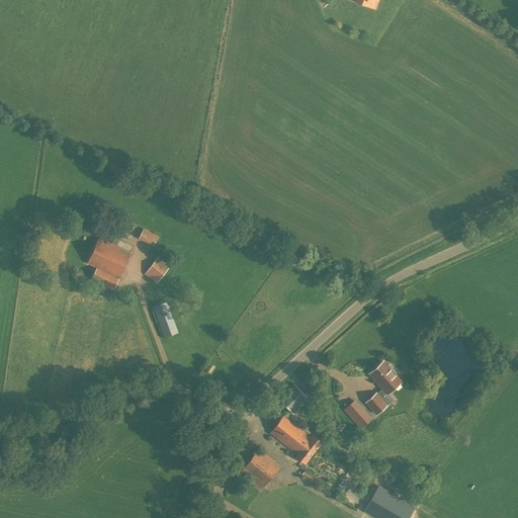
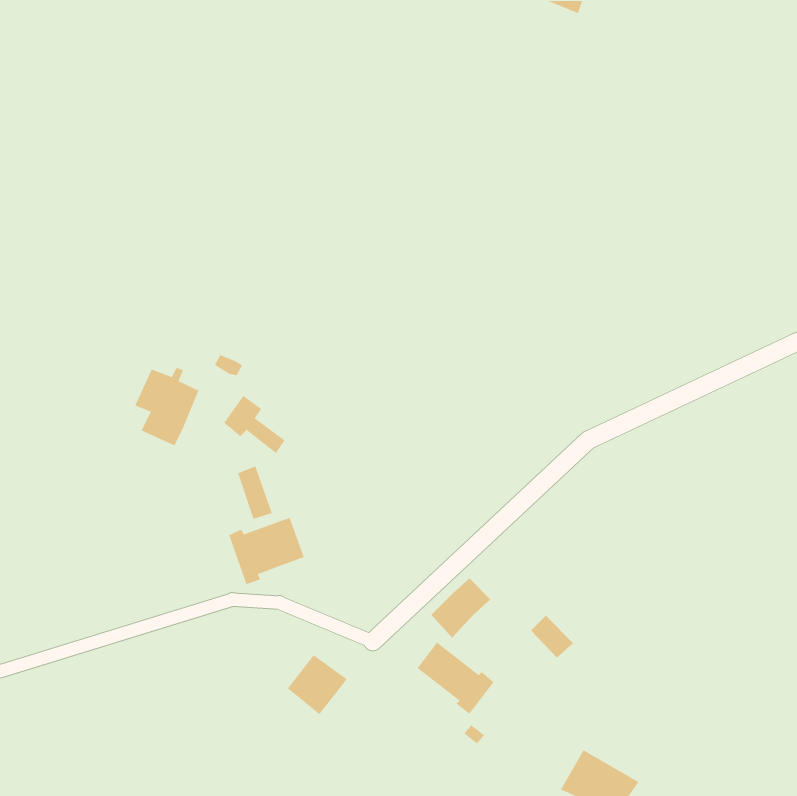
building: none -> [228,517,305,585]
building: [367,360,400,413] -> none
building: [241,450,280,490] -> [287,654,348,715]

